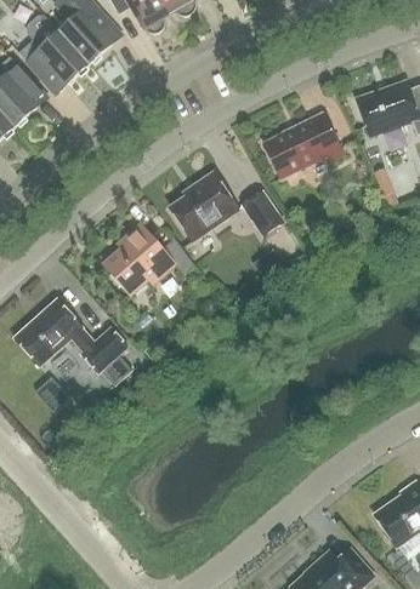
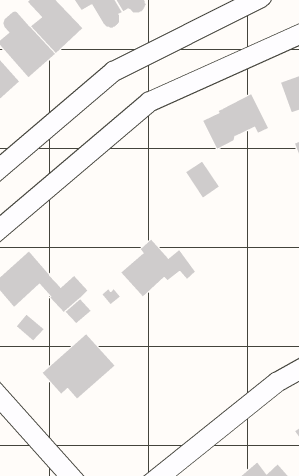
building: [170,172,238,240] -> none
building: [103,224,193,293] -> [120,239,196,297]
building: none -> [42,333,115,399]

